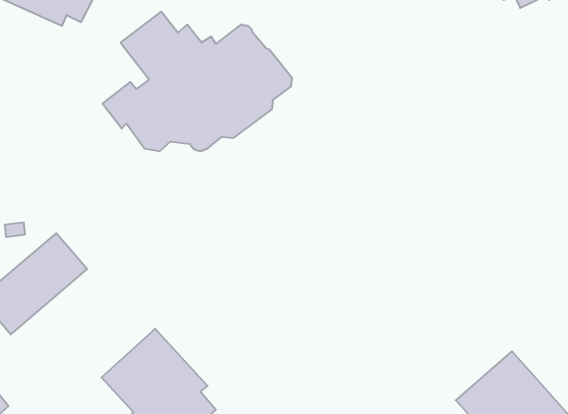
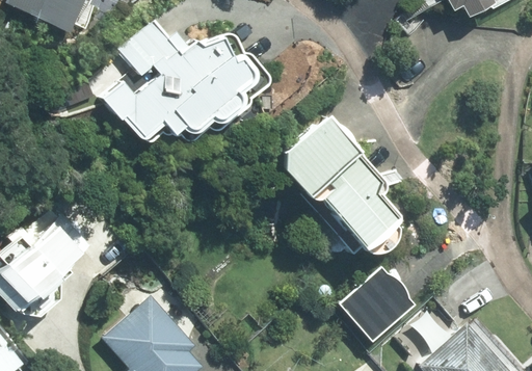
building: none -> [284,115,401,254]
building: none -> [339,265,414,341]

